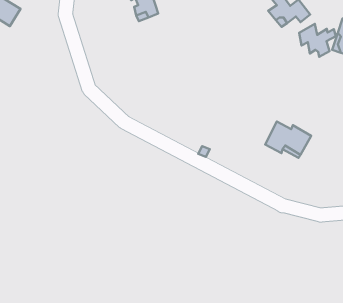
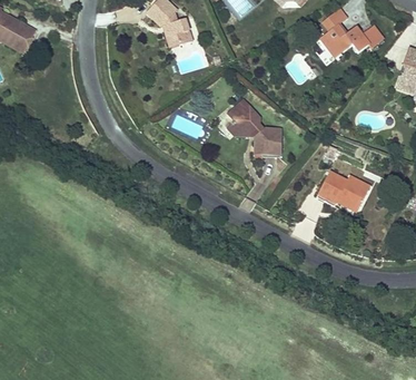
building: [299,24,336,57] -> none
building: none -> [229,104,283,153]

